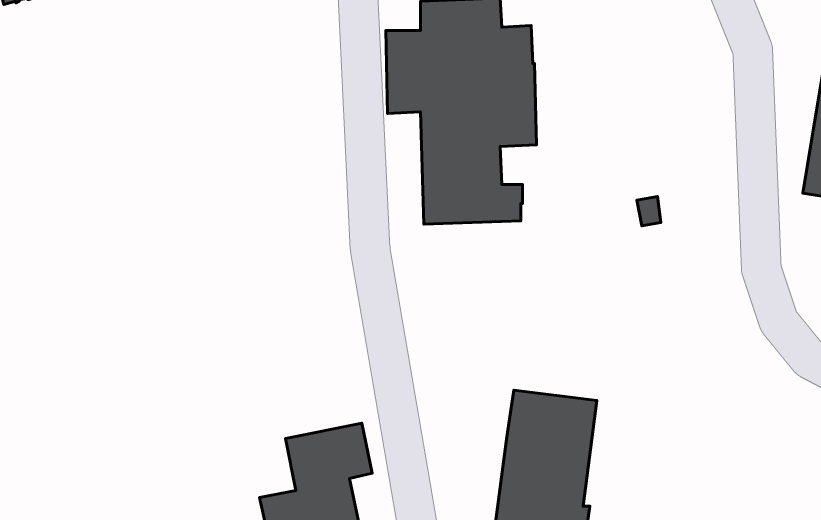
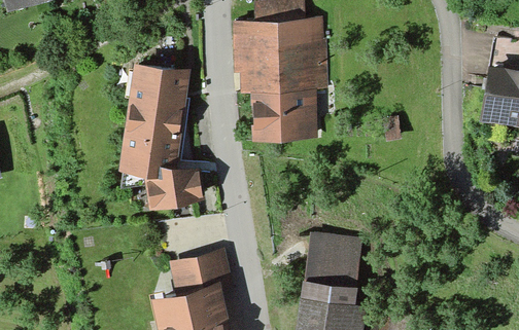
building: none -> [120,65,200,201]

